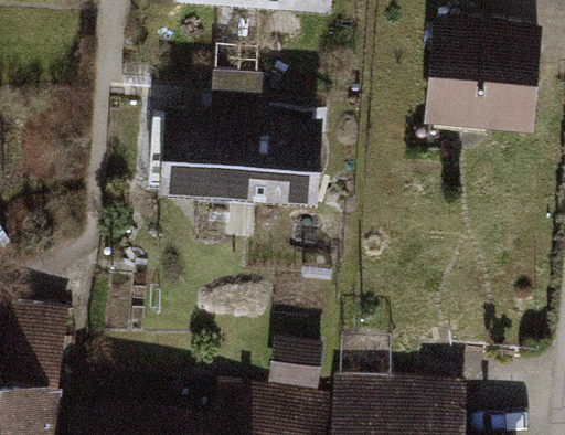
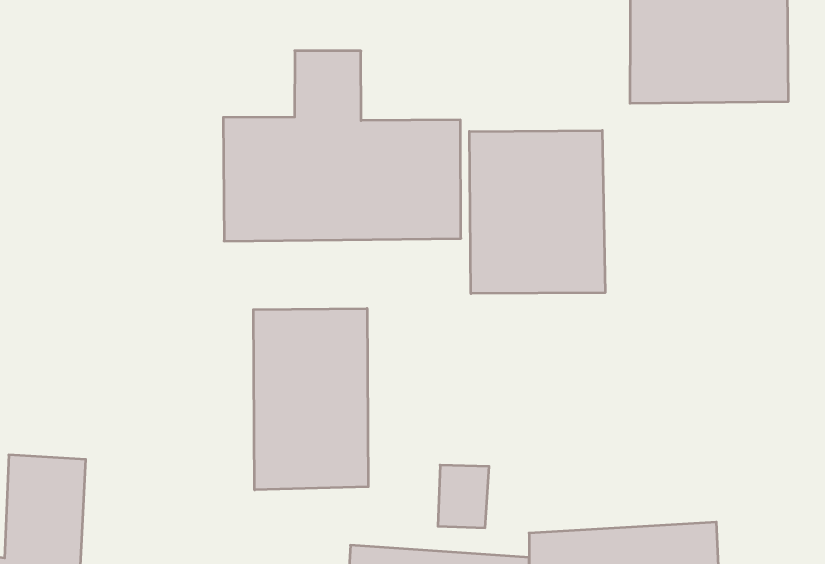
building: none -> [469,130,605,294]
building: none -> [253,308,368,490]

